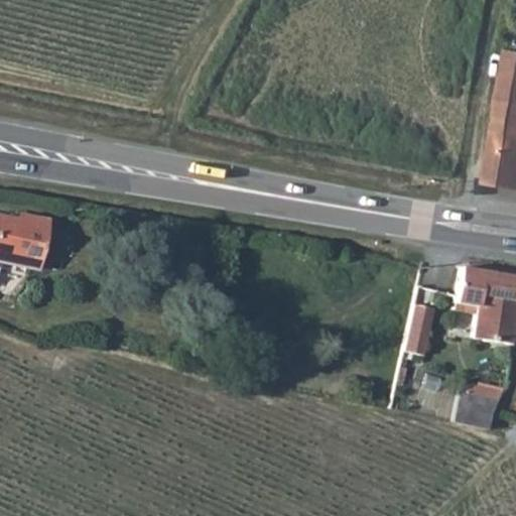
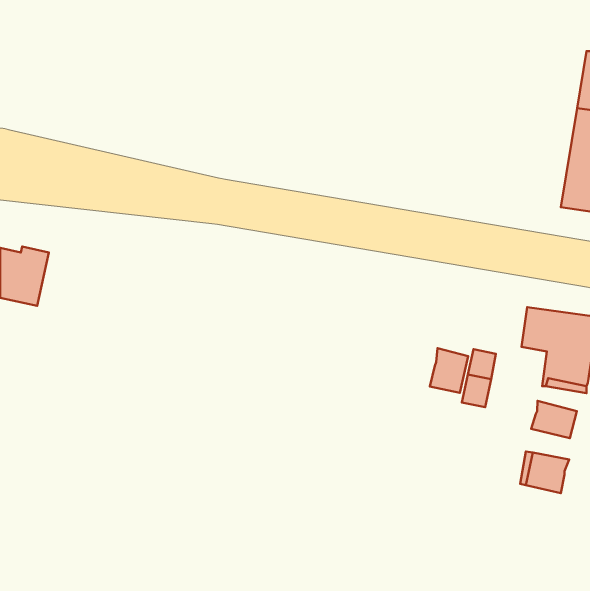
building: none -> [430,348,468,393]
building: none -> [531,401,577,438]

